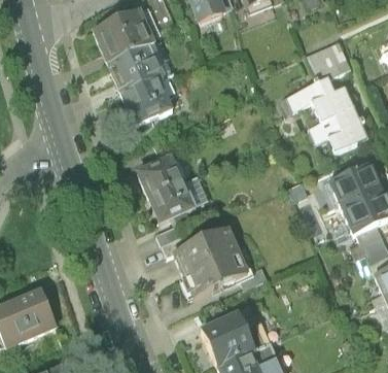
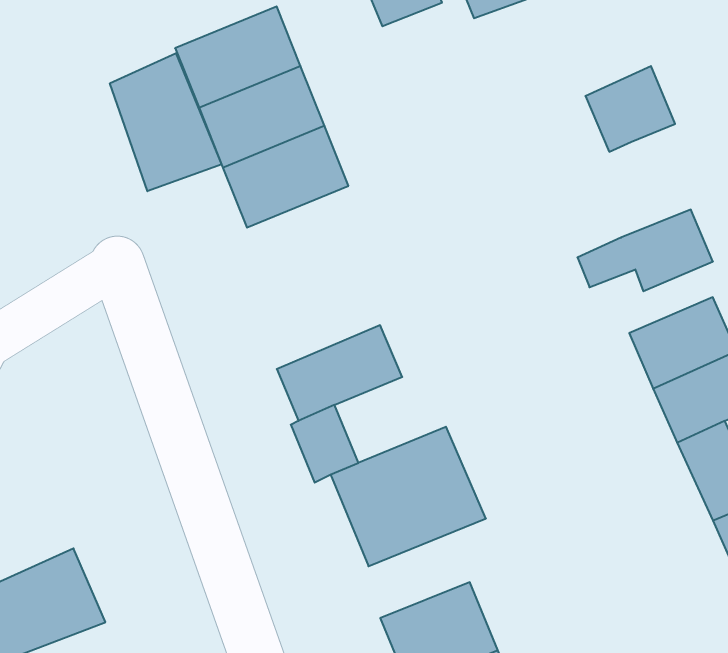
building: none -> [110,53,222,191]
building: [285,79,359,129] -> none
building: [134,147,199,197] -> none

